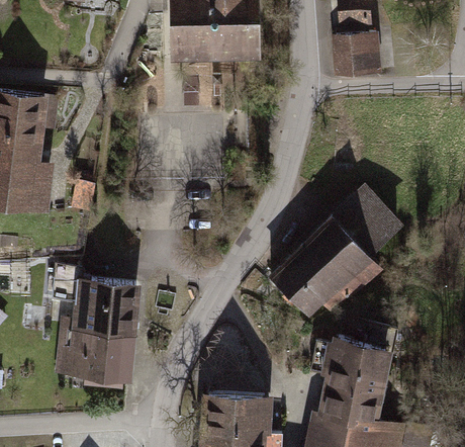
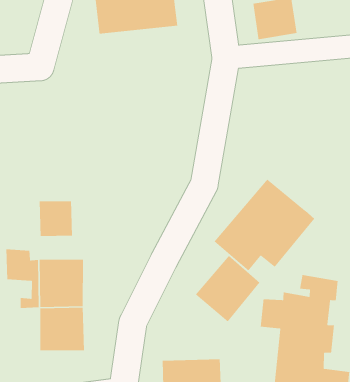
building: [333,194,397,258] -> none
building: none -> [39,200,73,237]
building: none -> [195,255,261,322]
building: [62,332,85,377] -> none

